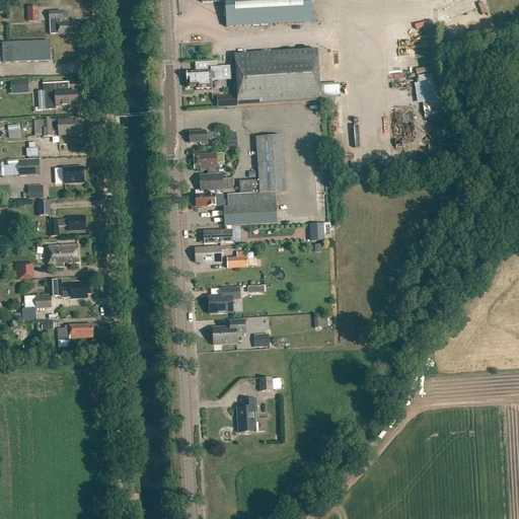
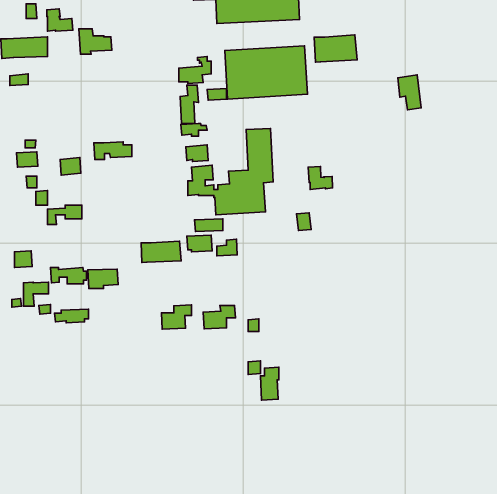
building: none -> [314,35,357,62]
building: [43,81,77,107] -> [79,29,112,54]
building: none -> [180,85,199,123]
building: [42,117,81,135] -> [94,142,132,159]
building: none -> [308,167,333,190]
building: [48,243,79,264] -> [88,269,118,288]
building: none -> [141,241,181,263]
building: [208,286,239,311] -> [161,305,191,329]
building: [237,396,256,431] -> [261,367,279,400]

